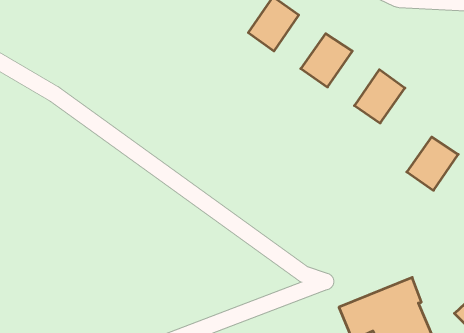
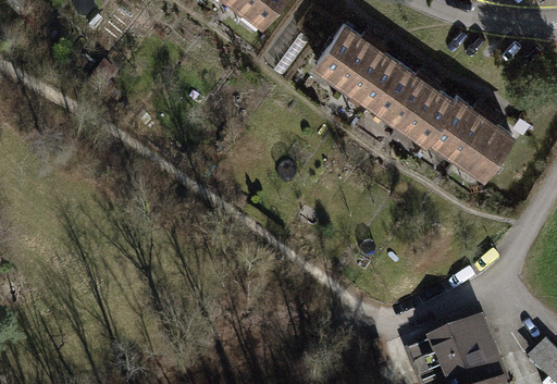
building: none -> [341,42,395,99]
building: none -> [397,80,451,138]
building: [407,137,458,190] -> [453,120,507,176]

